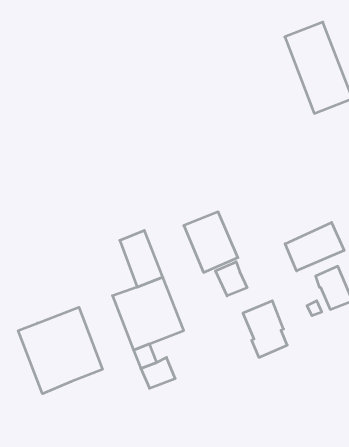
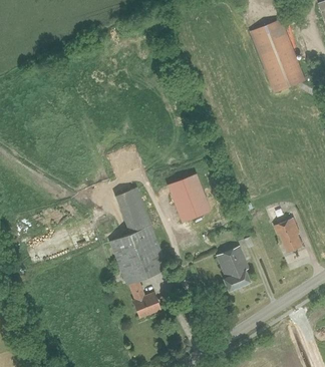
building: [285,222,344,271] -> none
building: [215,262,247,296] -> none
building: [18,307,102,394] -> none

